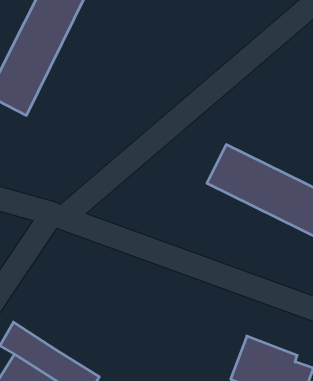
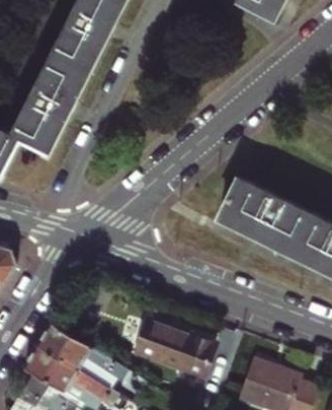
building: none -> [135,322,215,380]
building: none -> [35,324,130,386]

